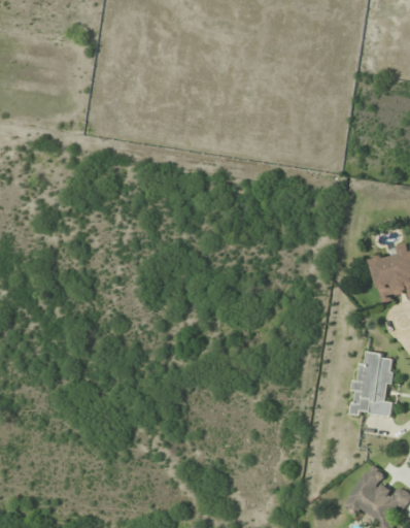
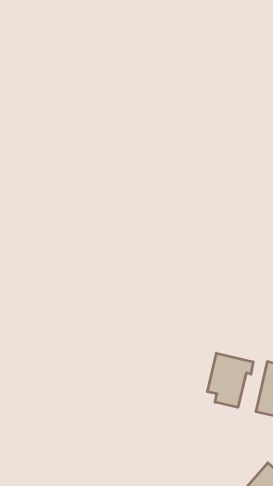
building: none -> [207,353,253,407]

